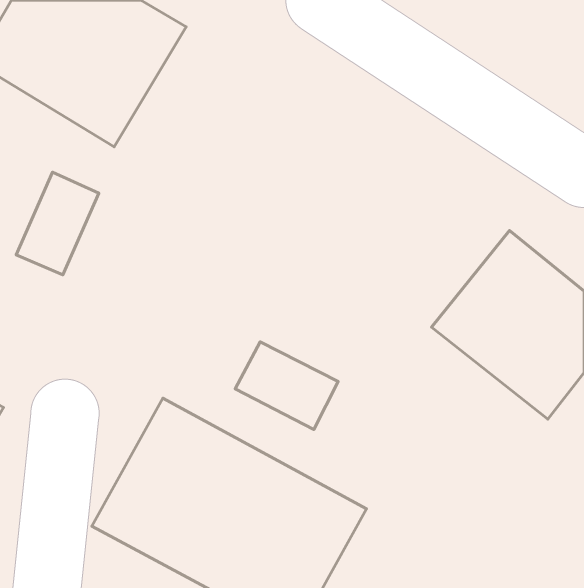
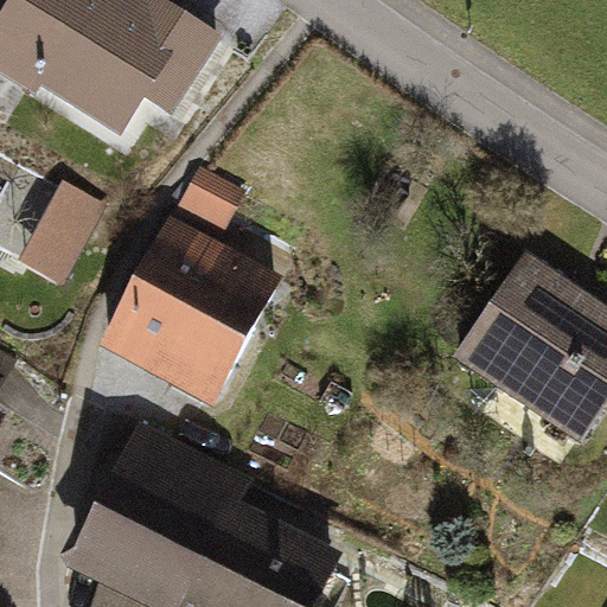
building: none -> [100,167,289,405]
building: [235,342,338,430] -> none

